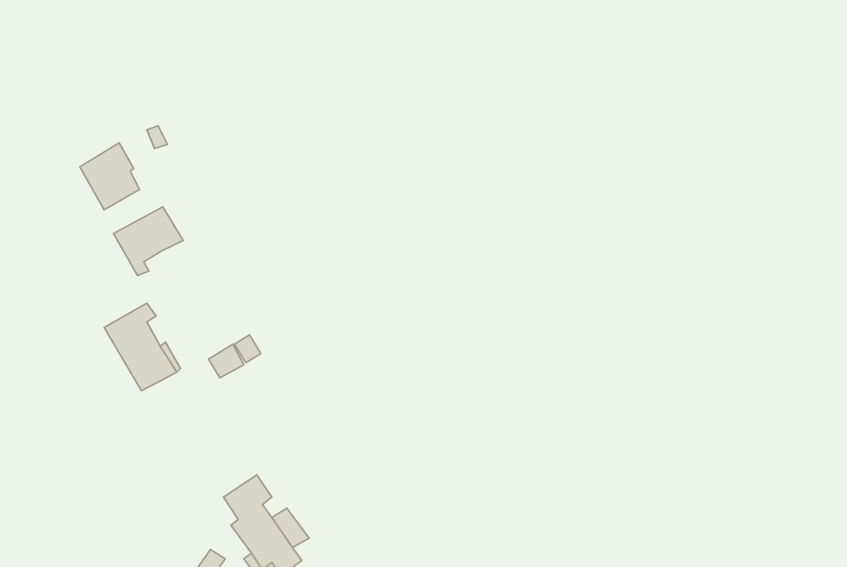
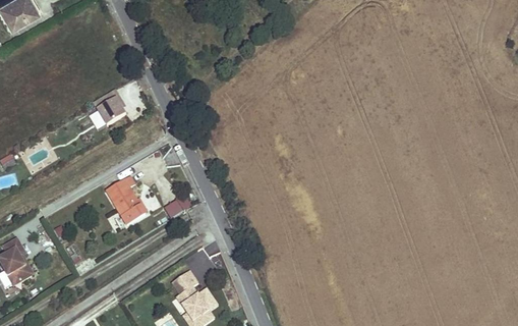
building: [114,207,183,276] -> none

